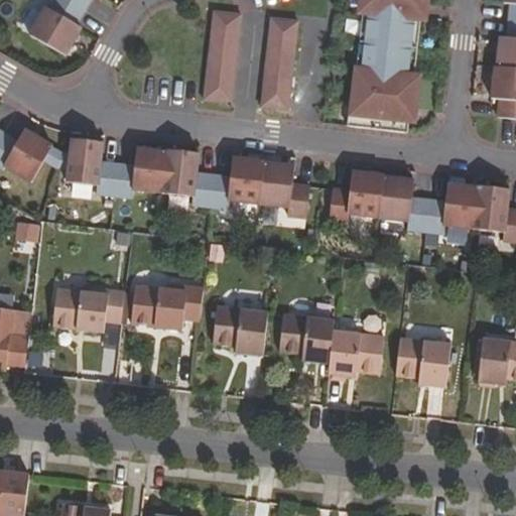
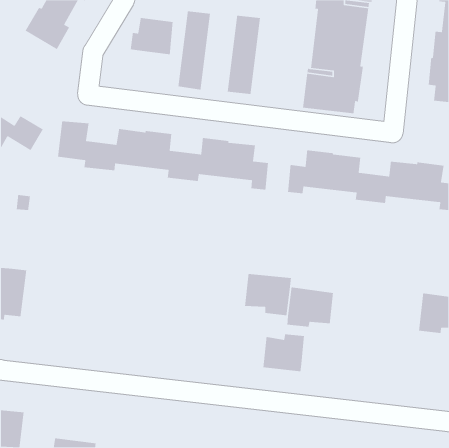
building: none -> [130,17,174,55]
building: [131,283,204,328] -> none
building: [52,284,124,330] -> none
building: [214,306,267,355] -> none
building: [396,338,449,387] -> none
building: none -> [262,333,305,372]

